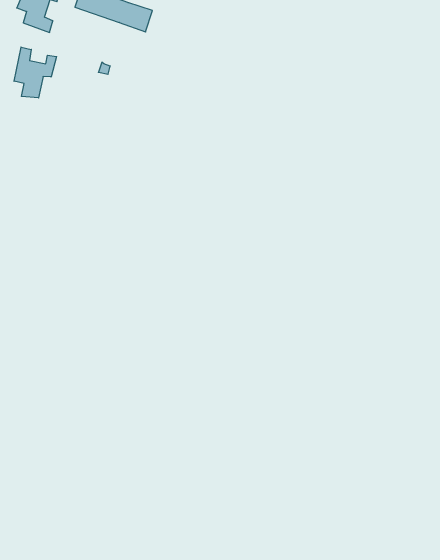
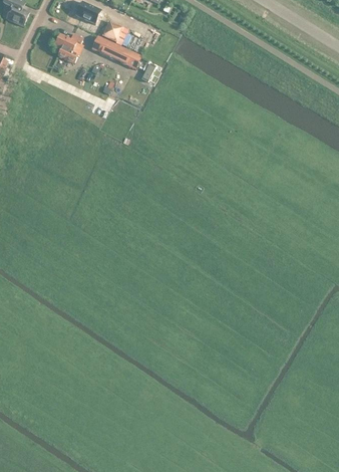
building: [14,47,57,98] -> none

